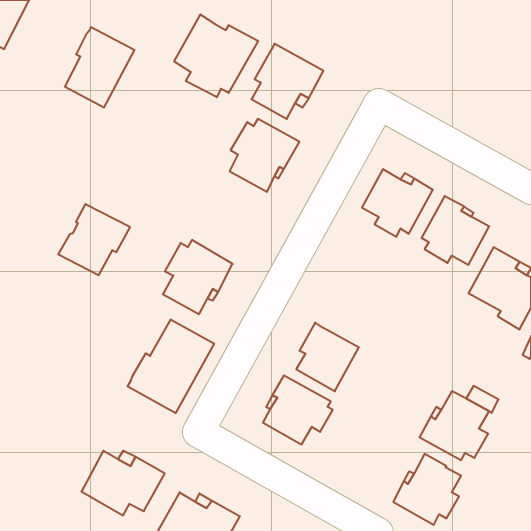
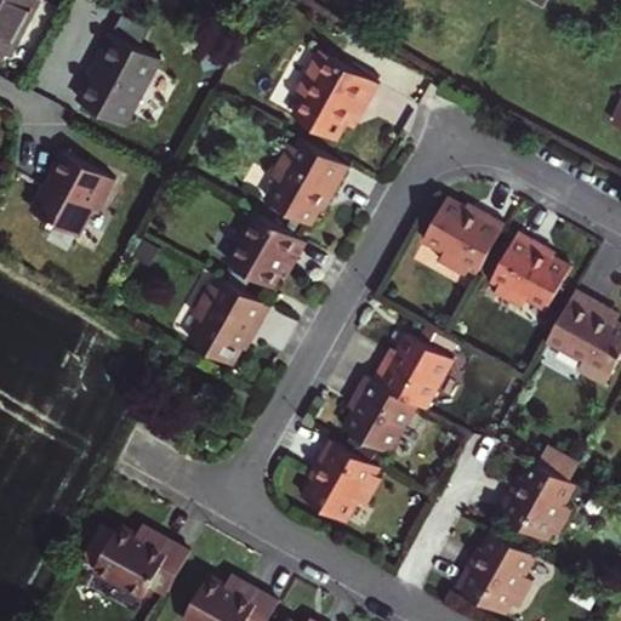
building: [174,14,258,97] -> none
building: none -> [226,215,307,290]
building: [58,204,130,275] -> [30,154,114,237]
building: none -> [375,337,454,411]
building: [128,319,214,413] -> none

